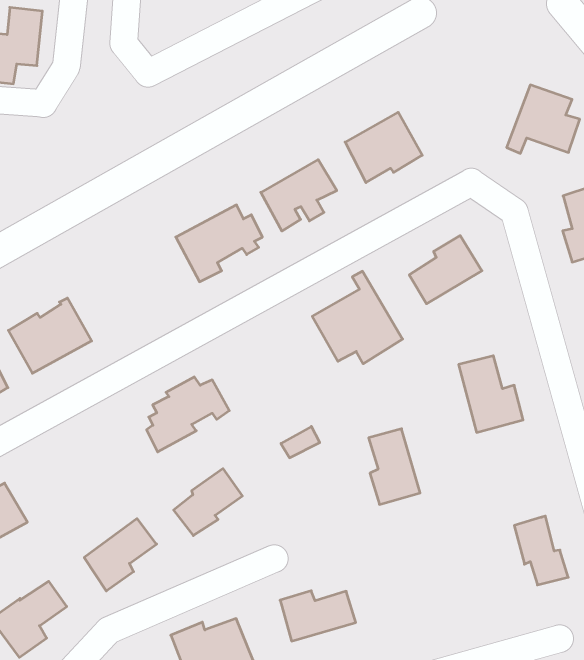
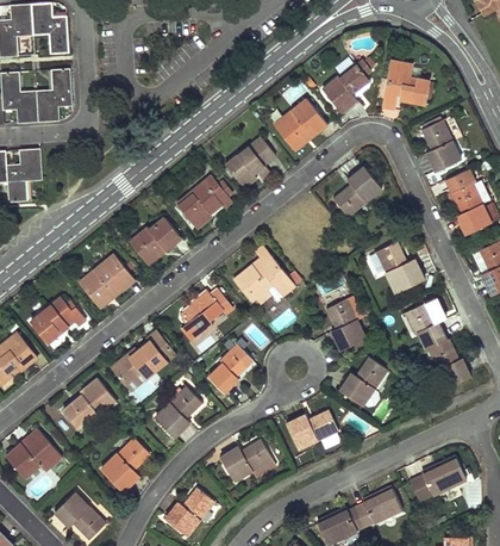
building: none -> [324,55,376,112]
building: none -> [132,216,183,258]
building: [312,271,403,364] -> [233,247,294,308]
building: none -> [112,334,171,385]
building: none -> [405,305,445,352]
building: none -> [339,358,388,408]

